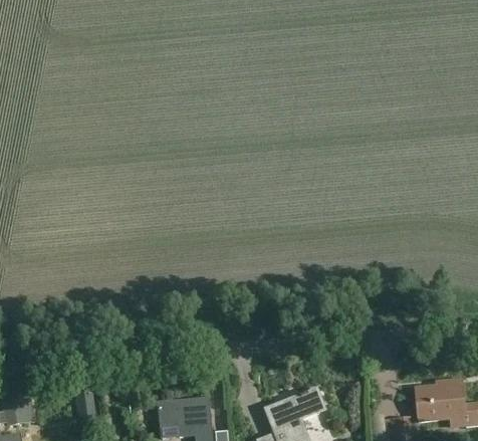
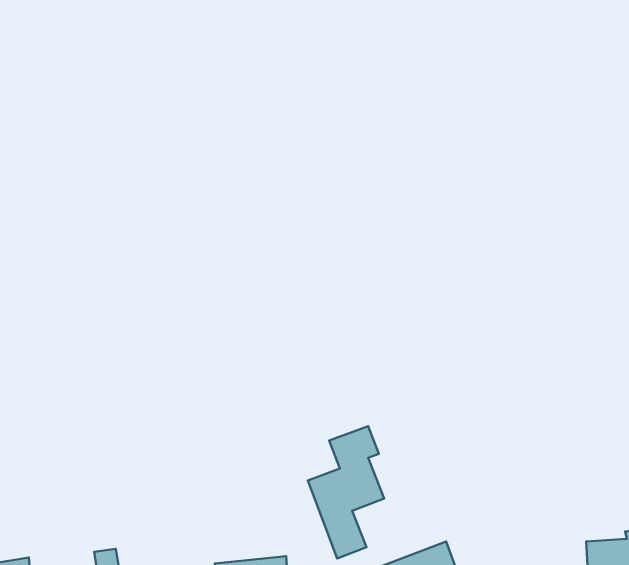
building: none -> [308,426,384,559]

